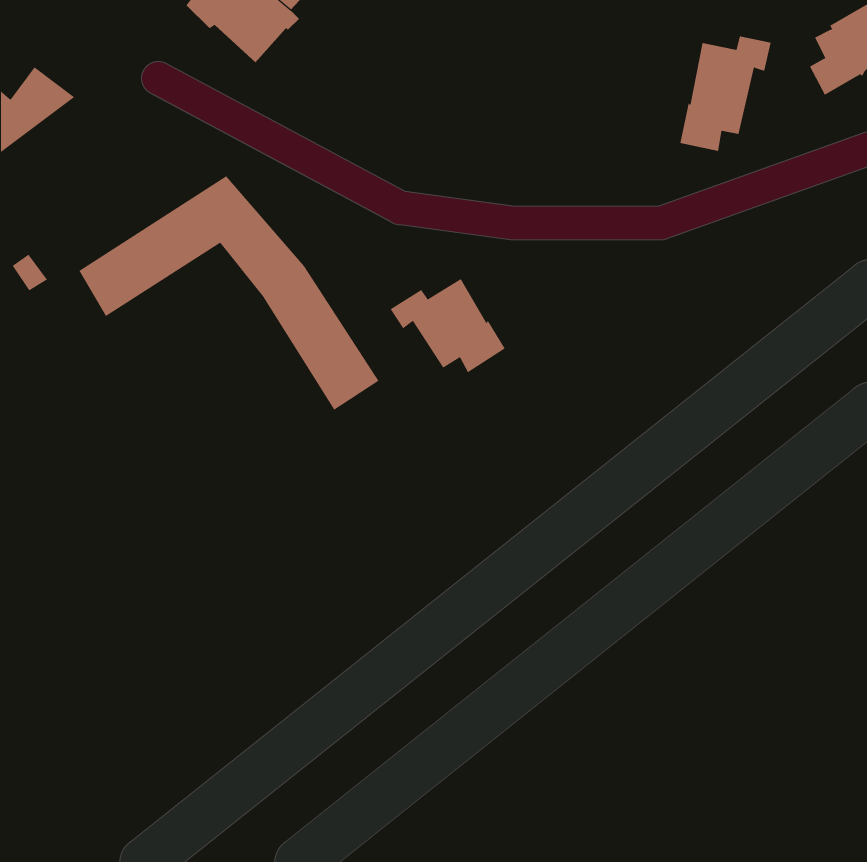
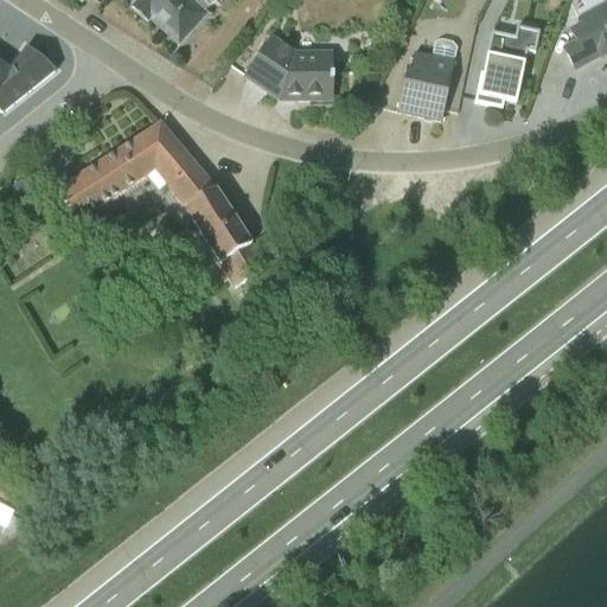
building: none -> [243,33,333,100]
building: none -> [397,36,456,119]
building: [390,278,506,373] -> none

